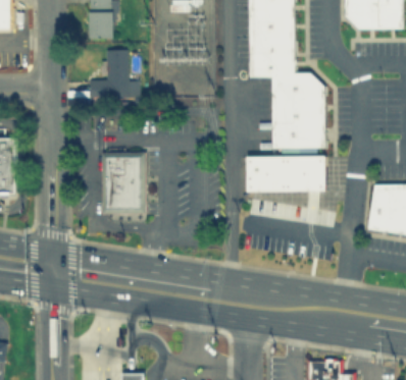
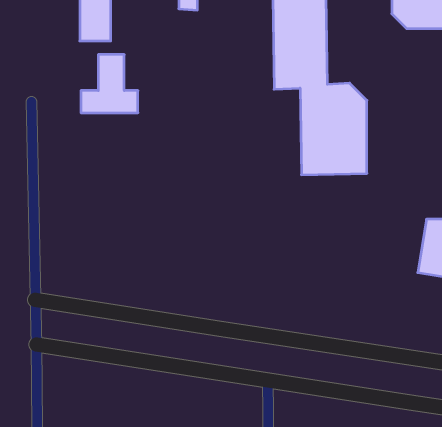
building: [103,152,145,211] -> none
building: [247,155,326,188] -> none

